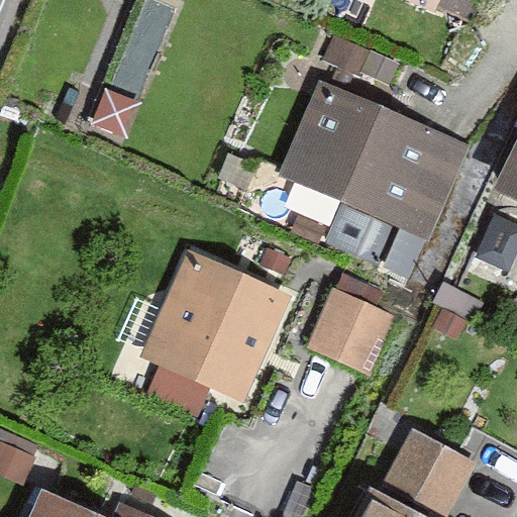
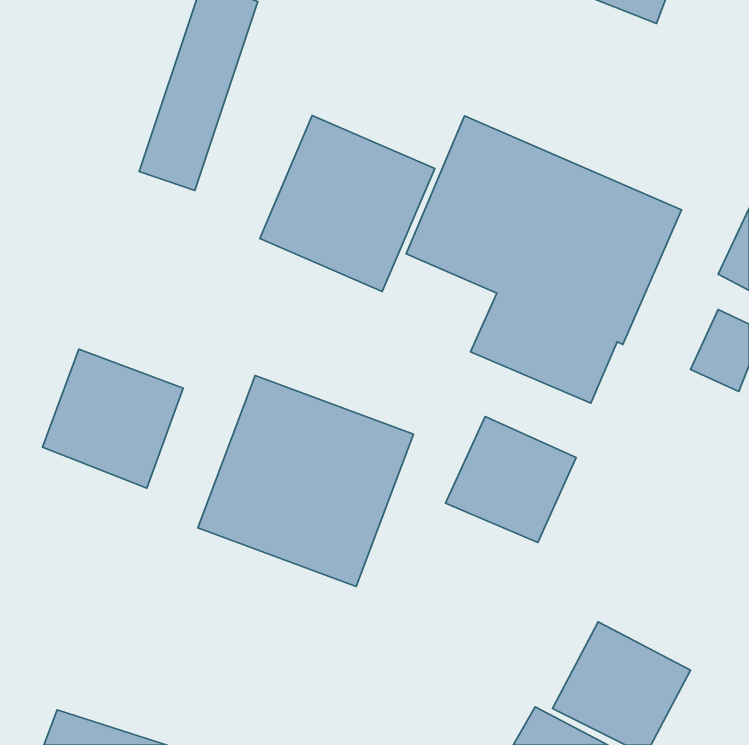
building: none -> [260,115,435,291]
building: none -> [42,349,183,488]

